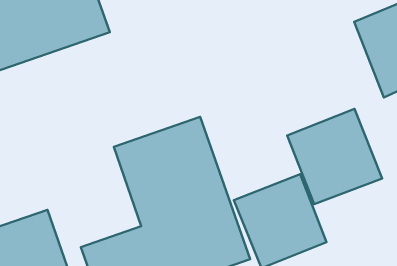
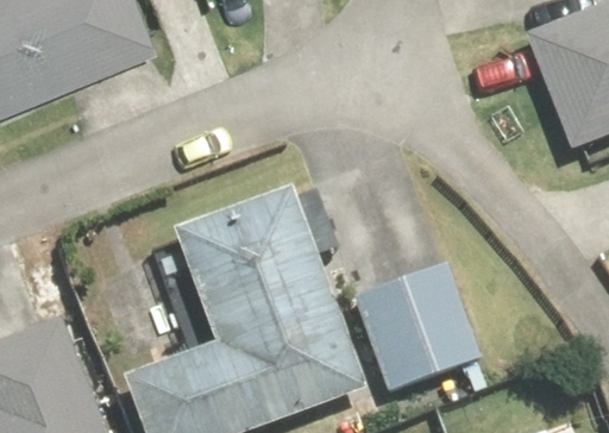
building: [287,109,382,204] -> none

